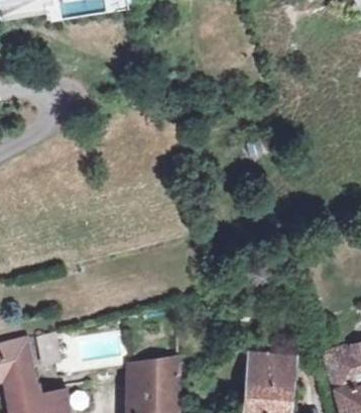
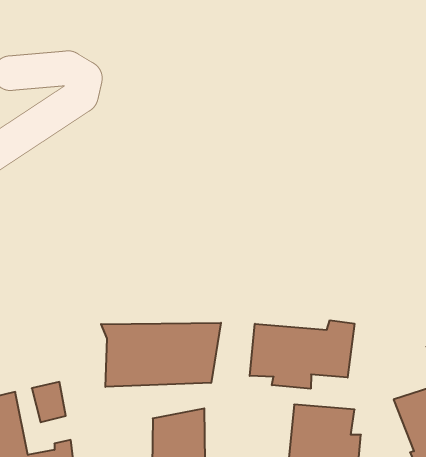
building: none -> [250,320,354,389]
building: none -> [101,323,221,387]

